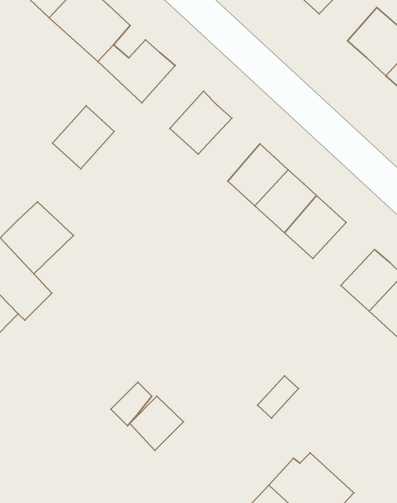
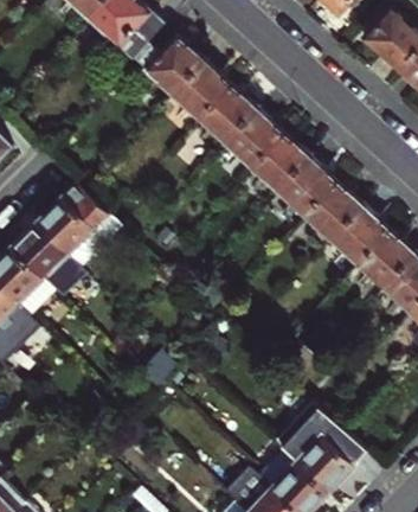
building: [53,106,114,169] -> [172,60,229,119]
building: none -> [224,109,281,167]
building: none -> [329,205,386,263]
building: [130,396,183,451] -> none

